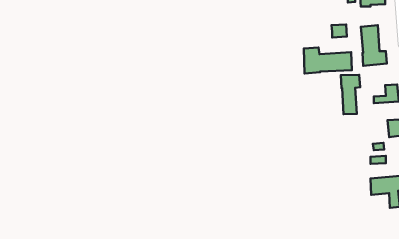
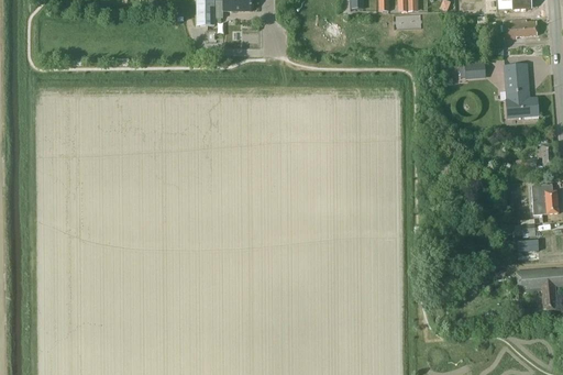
building: [304,48,352,73] -> none
building: [341,75,360,114] -> none

